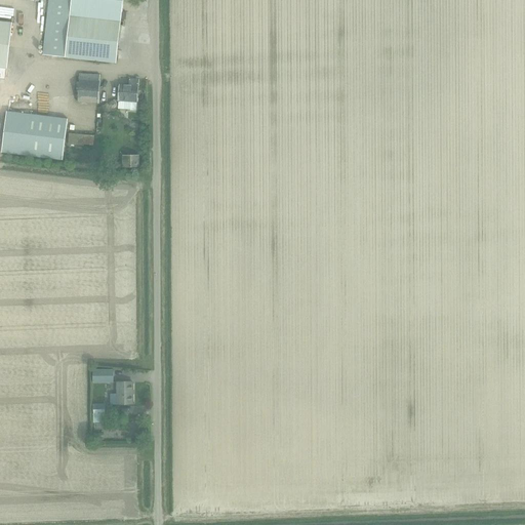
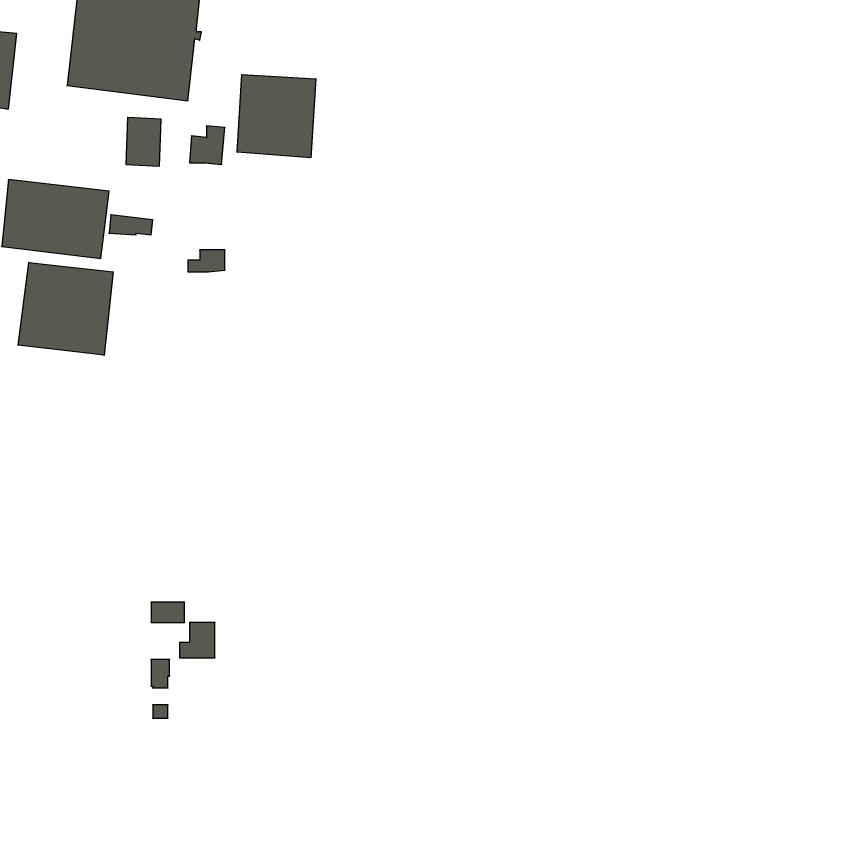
building: none -> [237,75,316,158]
building: none -> [18,262,113,355]

